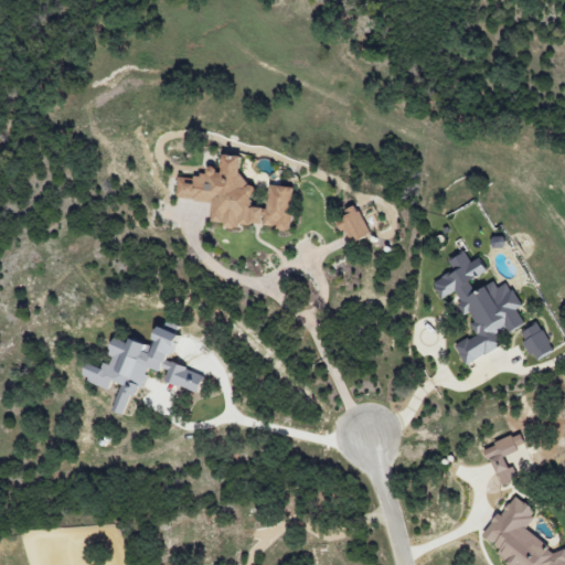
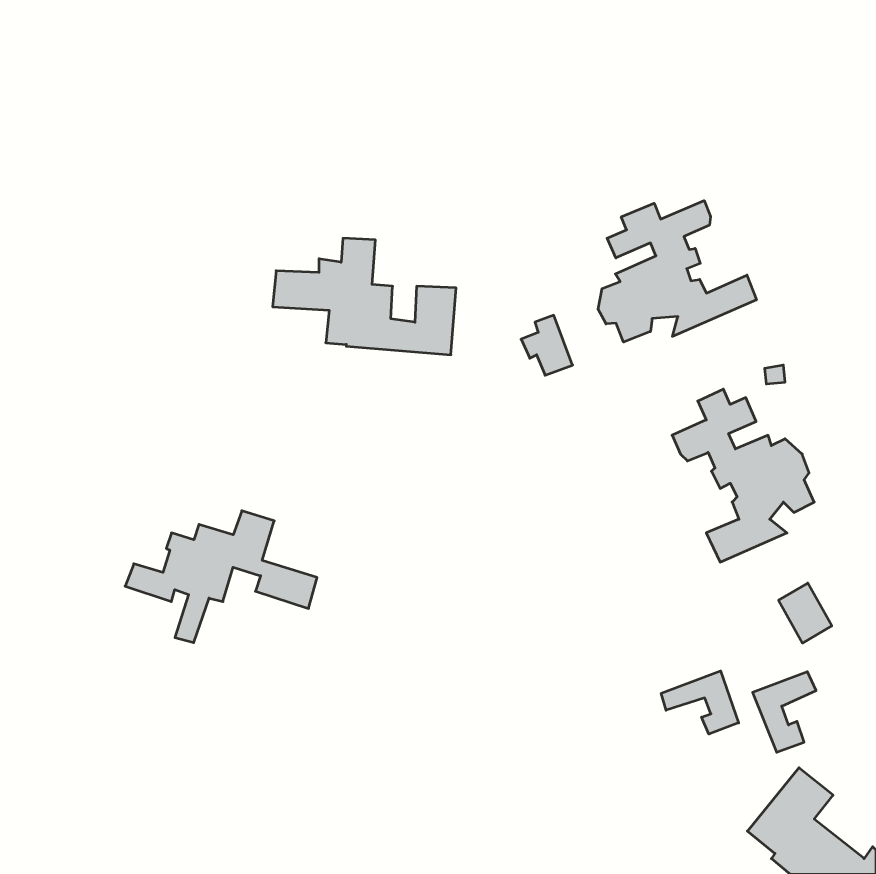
building: none -> [598,201,756,342]
building: [520,321,554,360] -> [779,583,832,643]
building: none -> [661,671,739,734]

